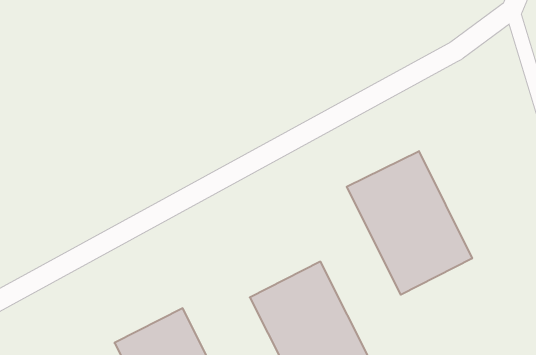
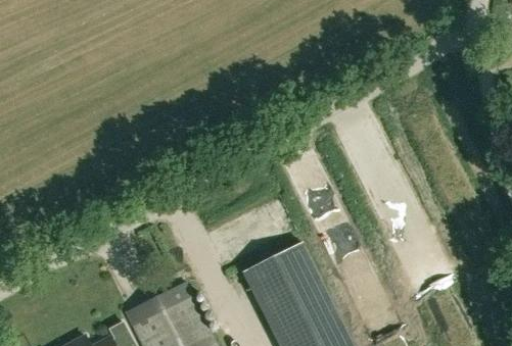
building: [347,151,472,295] -> none

